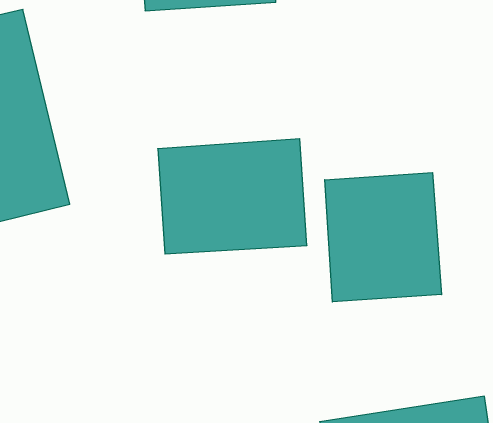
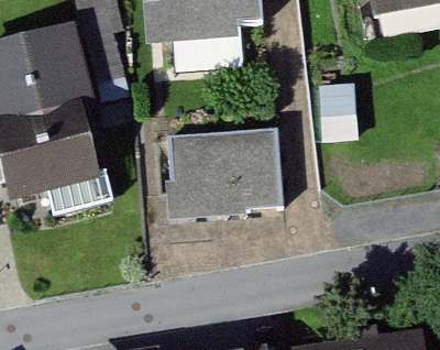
building: [325,173,442,302] -> none

